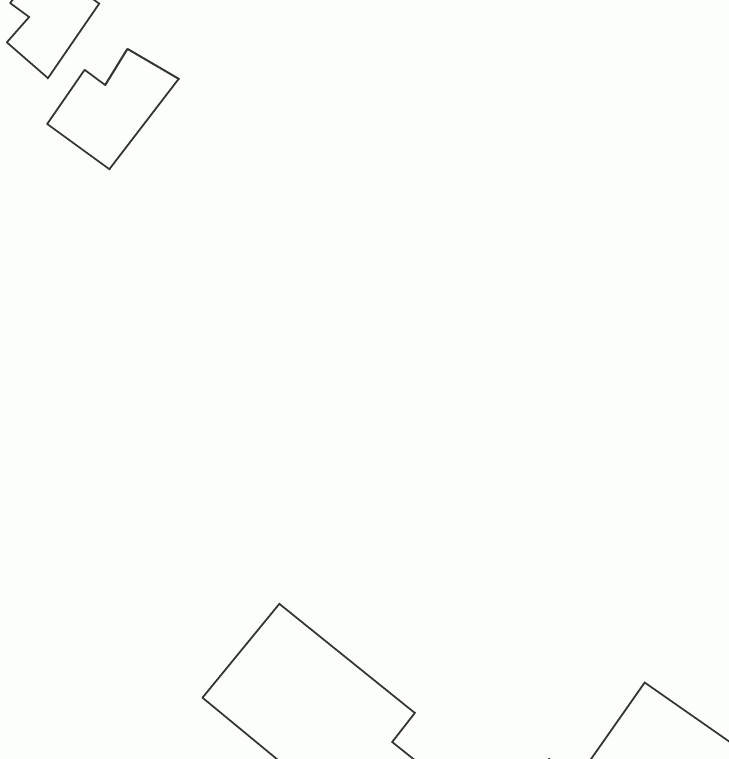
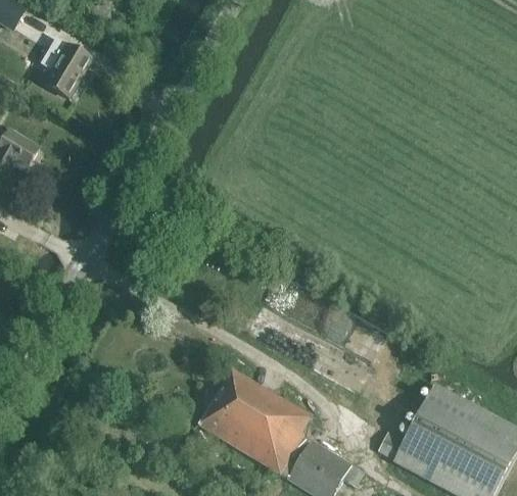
building: [47,49,179,169] -> none

